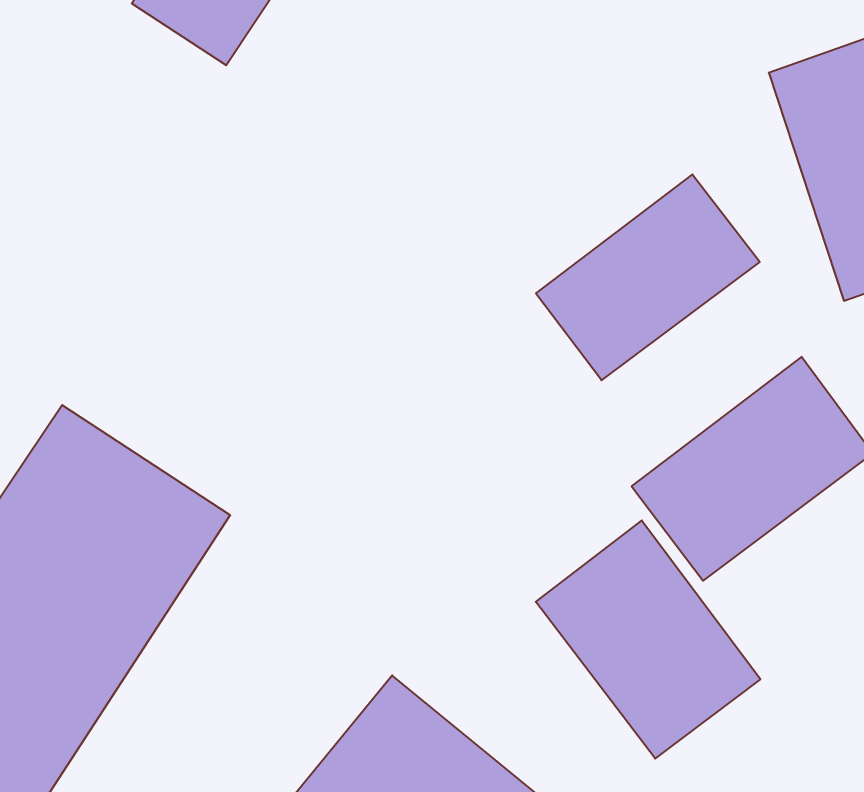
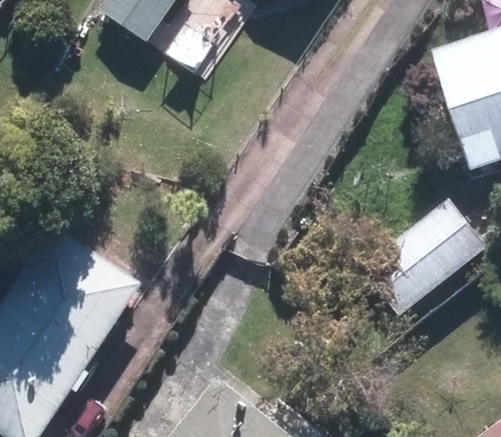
building: [536,174,760,380] -> none
building: [536,520,760,759] -> none

